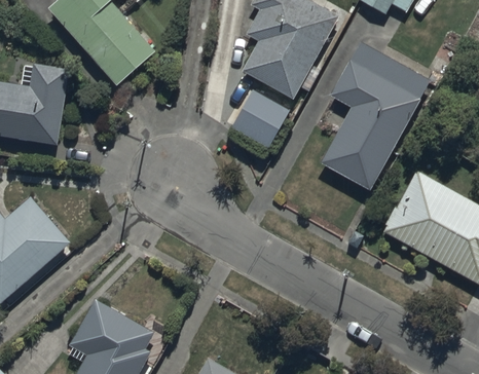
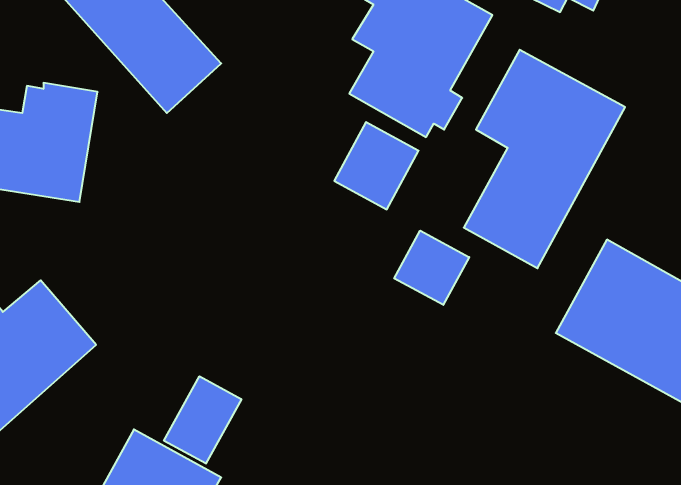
building: none -> [394,231,469,305]
building: none -> [164,376,241,464]

